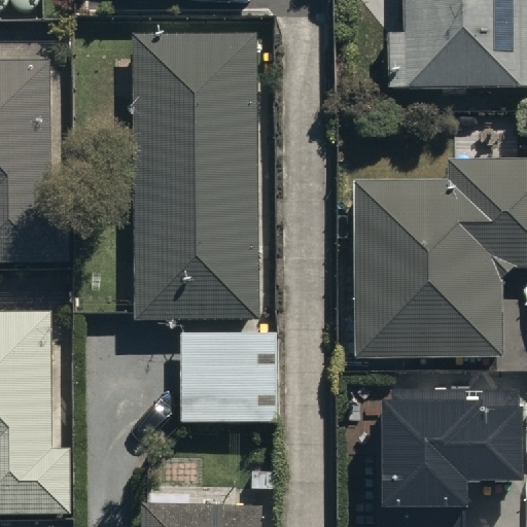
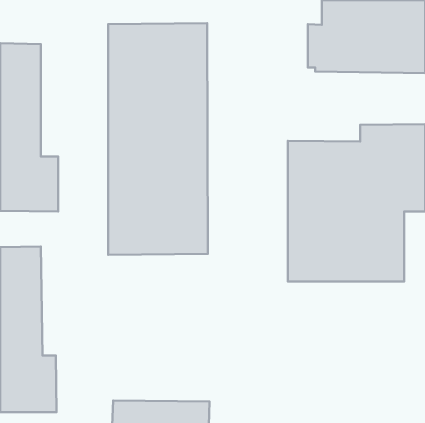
building: [179,329,277,422] -> none
building: [380,399,521,522] -> none

